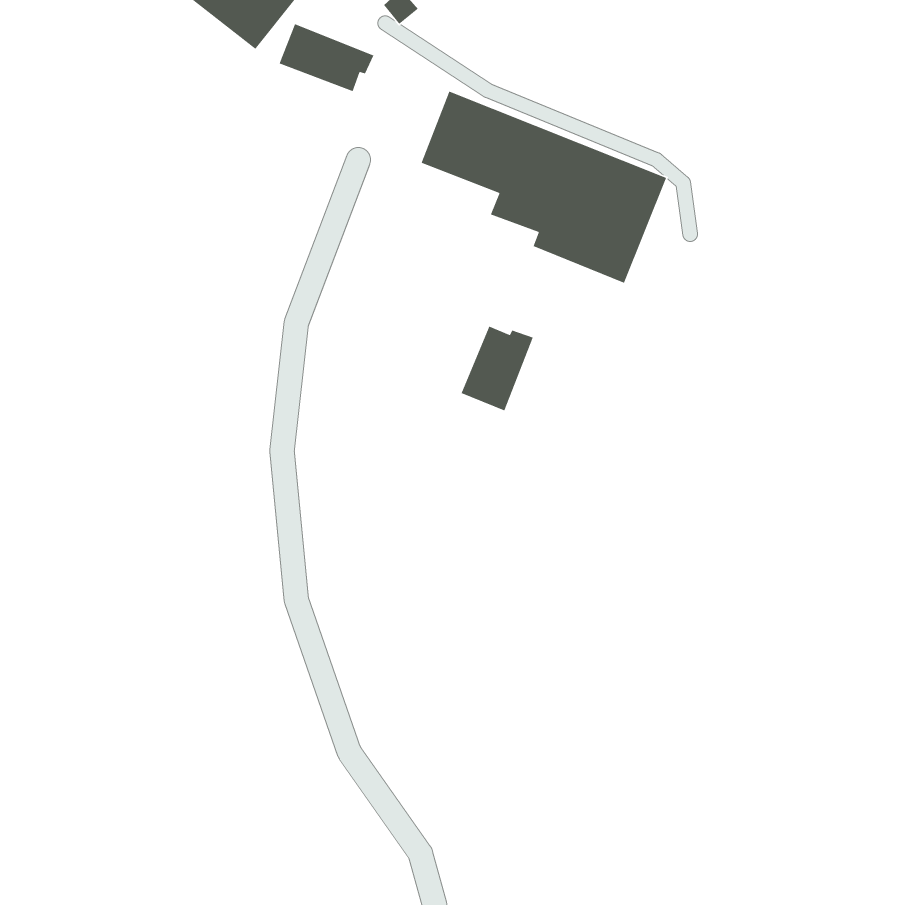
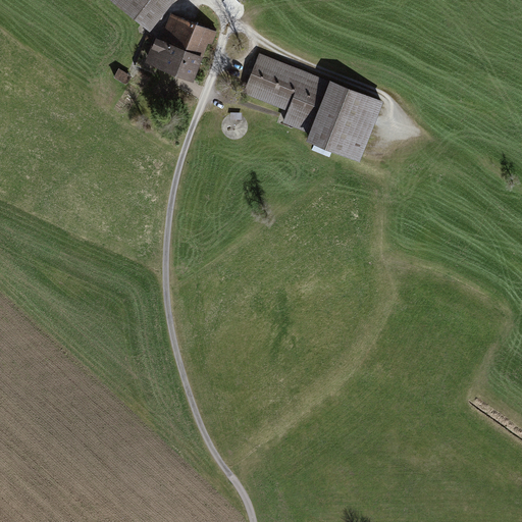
building: none -> [144,34,203,80]
building: [461,325,534,411] -> none

